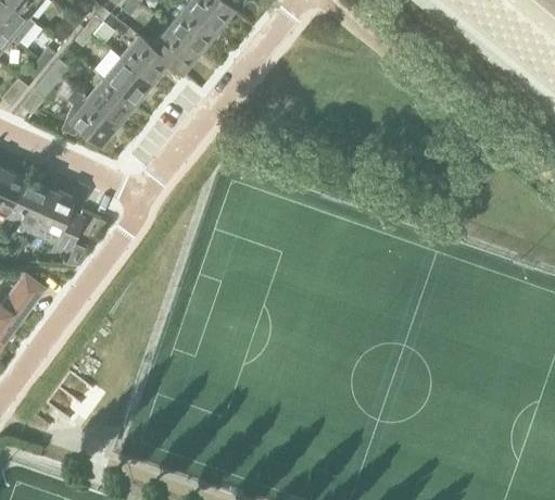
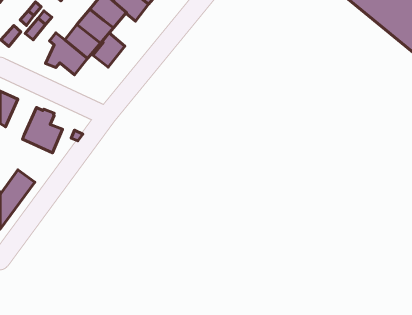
building: none -> [93,33,125,67]
building: [10,178,51,226] -> none

